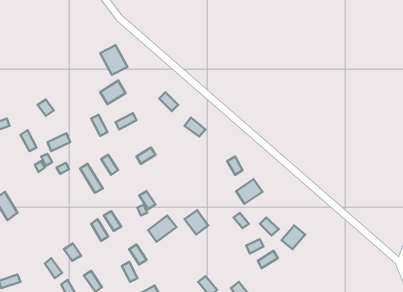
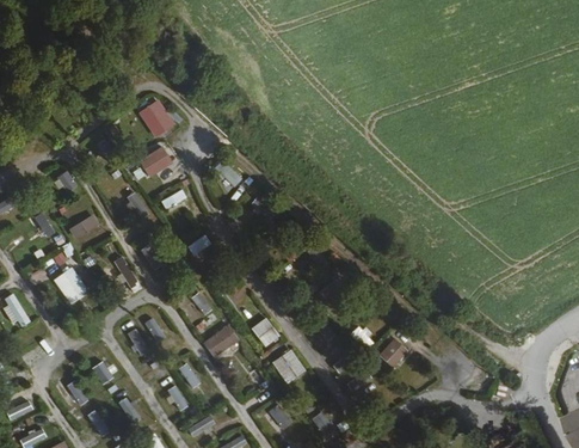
building: none -> [54,266,91,305]
building: none -> [272,349,307,383]

